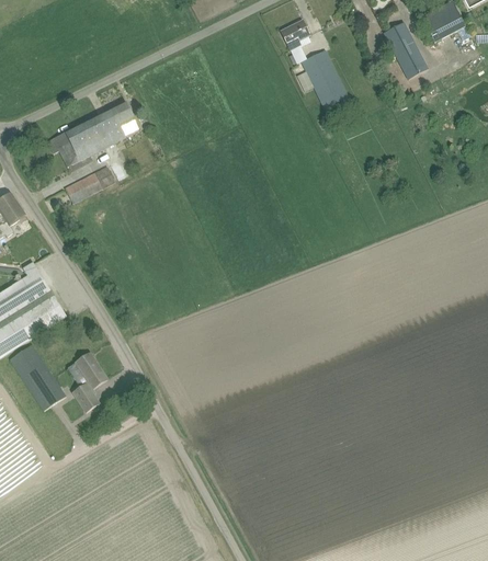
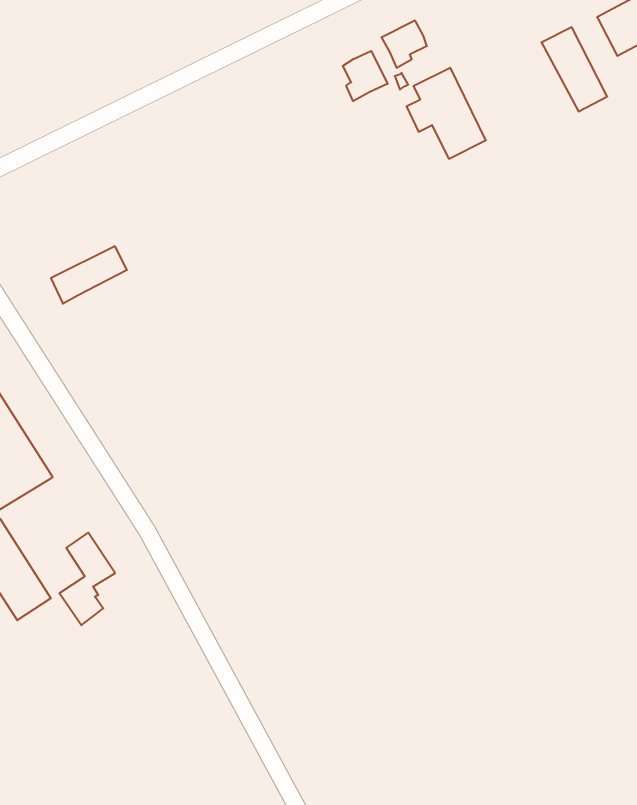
building: none -> [343,51,388,101]
building: [46,101,138,165] -> none

